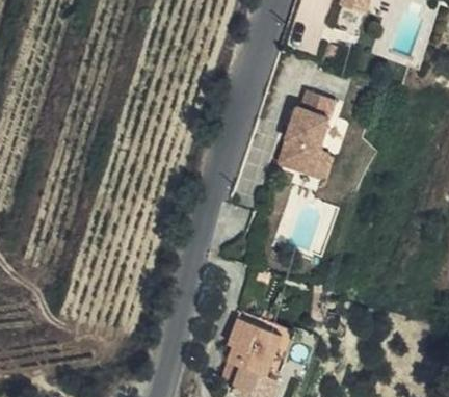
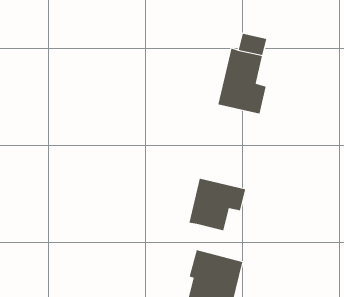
building: none -> [189,178,246,231]

